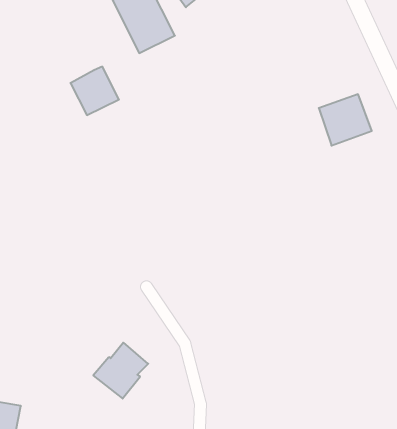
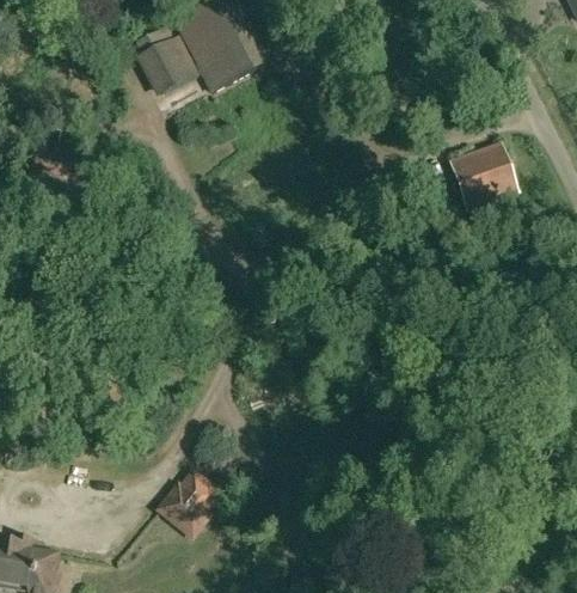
building: [70,67,119,115] -> [137,35,201,98]

